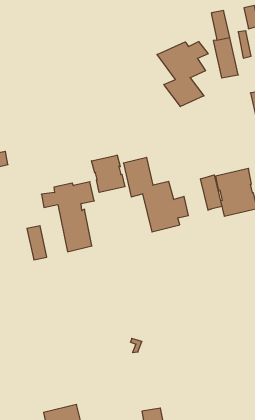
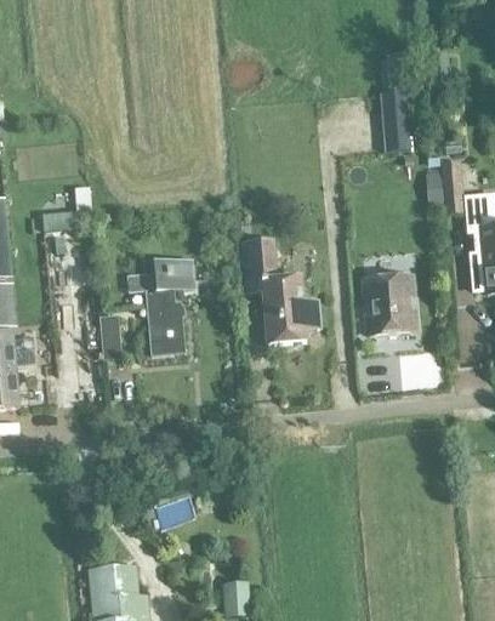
building: [157,42,208,107] -> none
building: [92,155,125,192] -> none
building: [201,175,222,210] -> none

